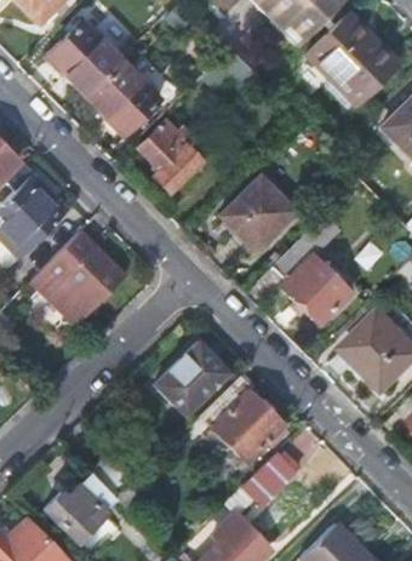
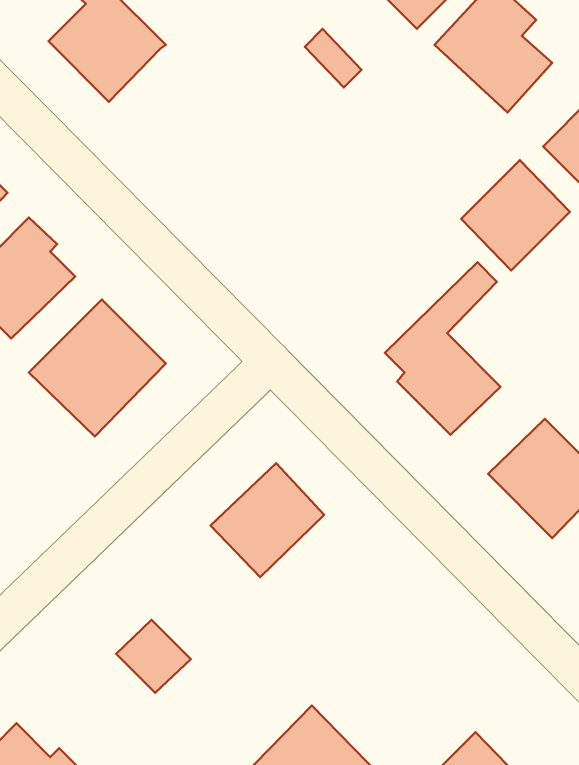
building: [86,59,160,136] -> none
building: [139,122,200,190] -> none
building: [222,173,296,248] -> [461,160,570,271]
building: [214,394,285,464] -> none
building: [245,452,299,506] -> none
building: [45,482,108,540] -> none

